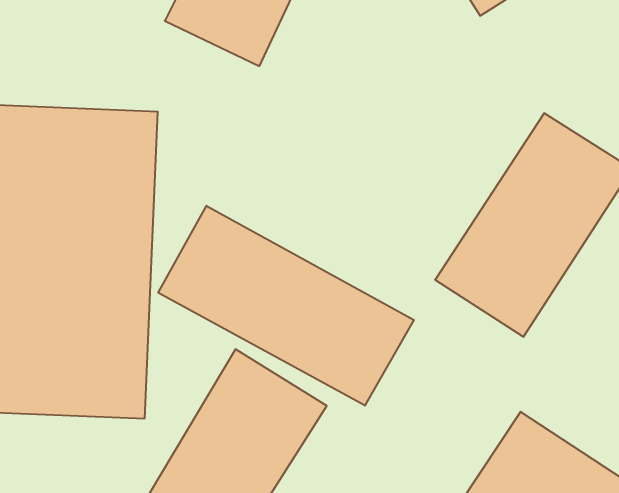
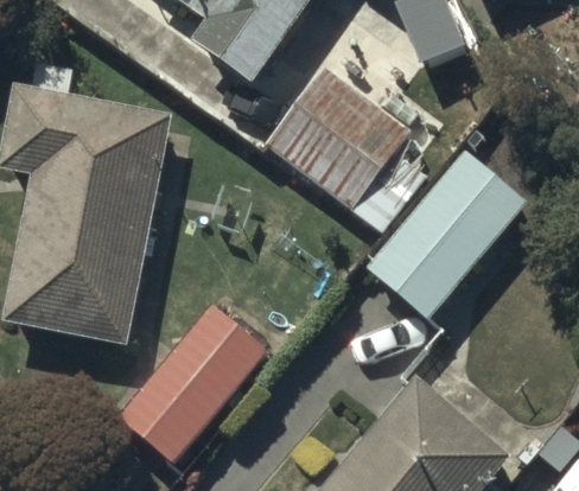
building: none -> [266,62,428,238]
building: [158,206,414,406] -> none

